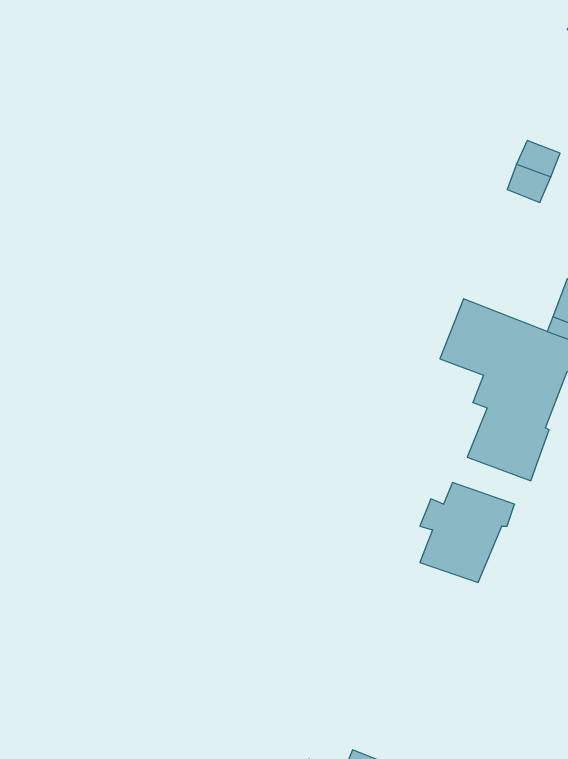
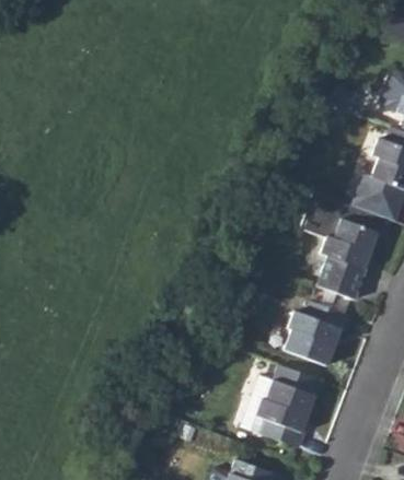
building: none -> [244,366,320,446]

